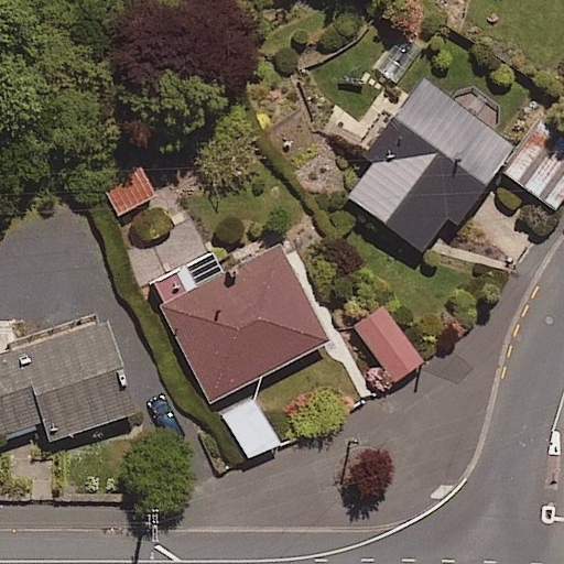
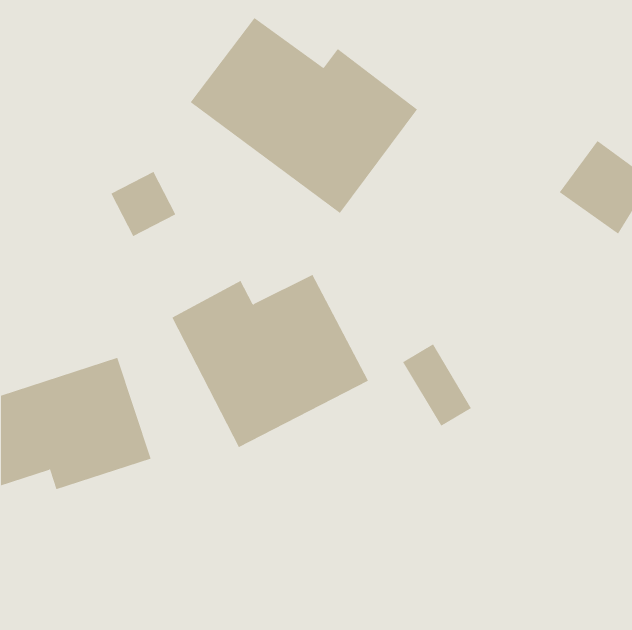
building: none -> [190,17,418,214]
building: [338,82,505,260] -> none

